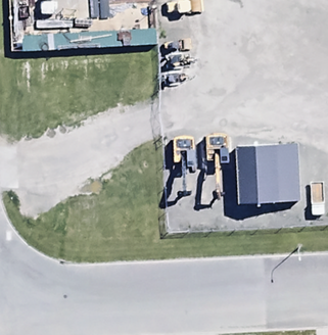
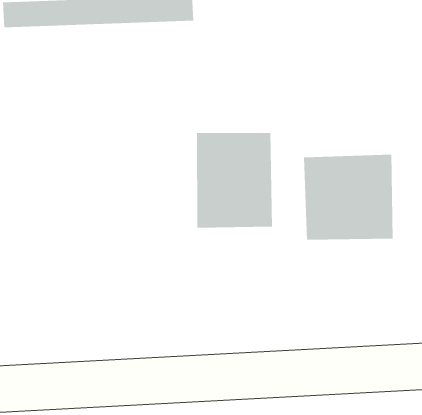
building: none -> [196,132,273,229]

